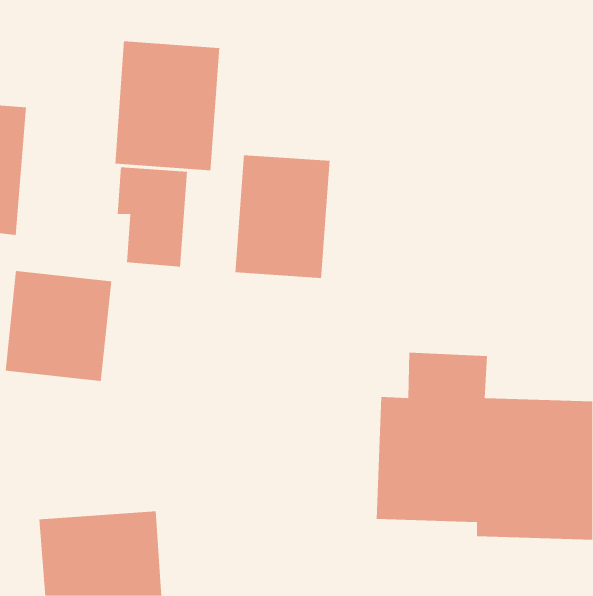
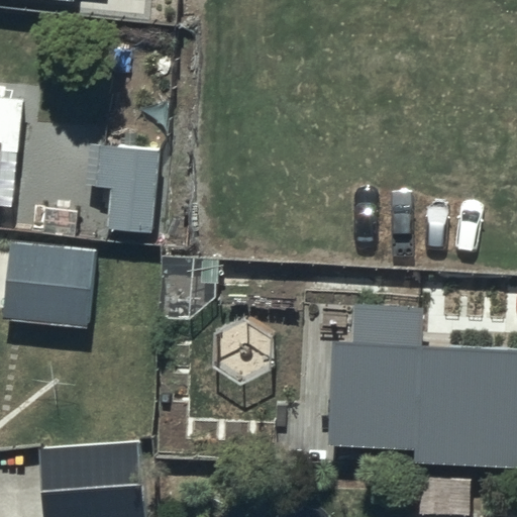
building: [115,41,220,171] -> none
building: [235,154,330,279] -> none

